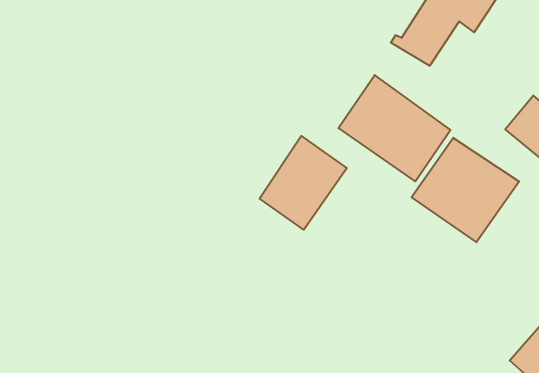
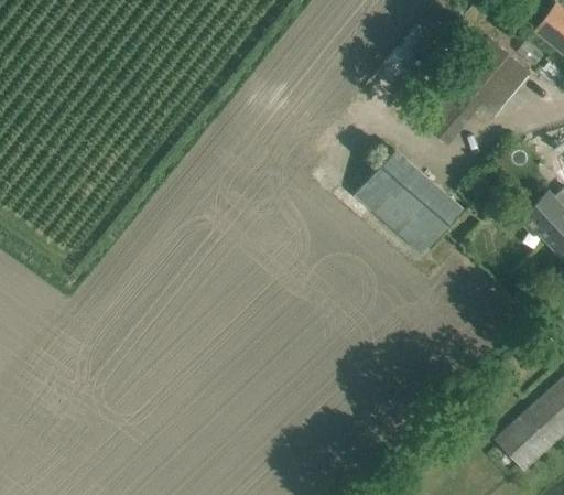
building: [260,136,347,230] -> none
building: [412,138,519,242] -> none

